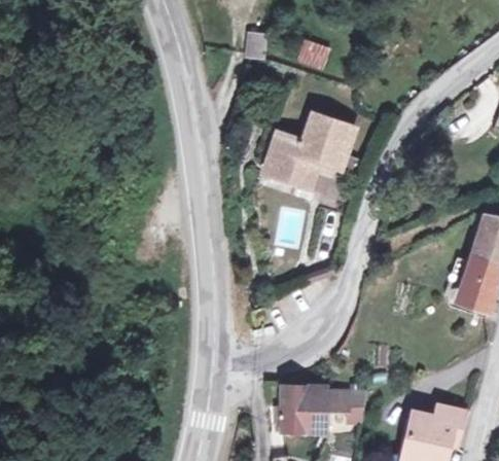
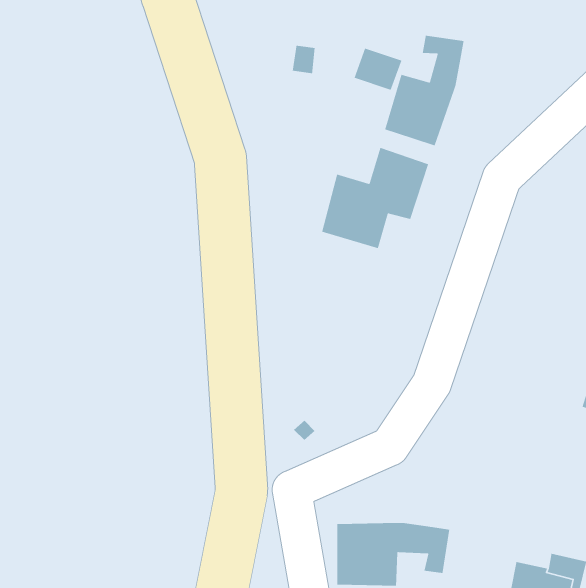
building: none -> [384,35,465,146]

